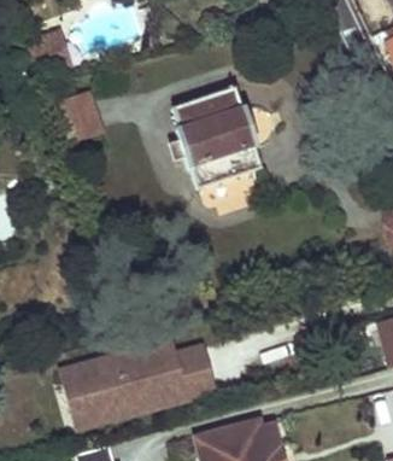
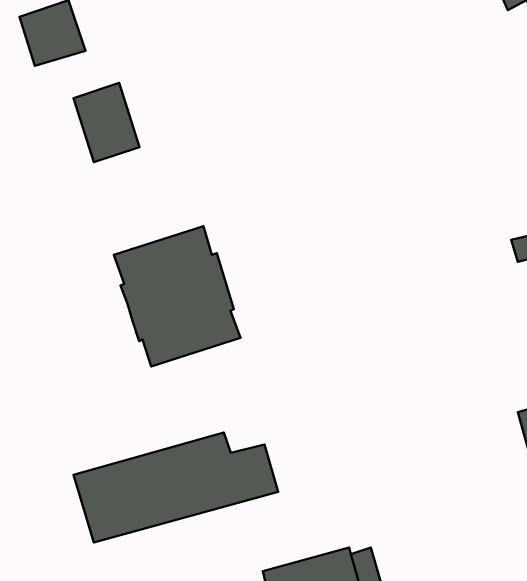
building: [171,87,262,187] -> [114,226,241,366]

